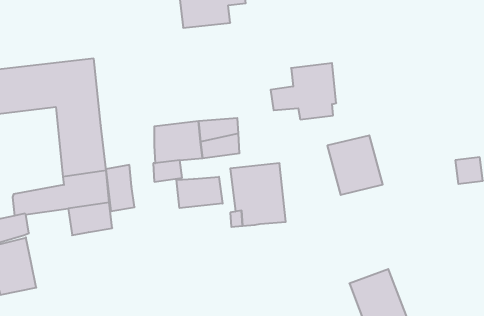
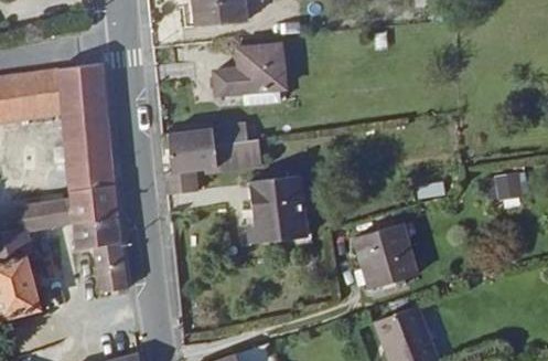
building: [271,63,336,119] -> [213,47,283,108]
building: [327,135,383,195] -> [354,222,413,286]
building: [106,165,135,211] -> [96,246,127,296]
building: [177,177,223,208] -> none

